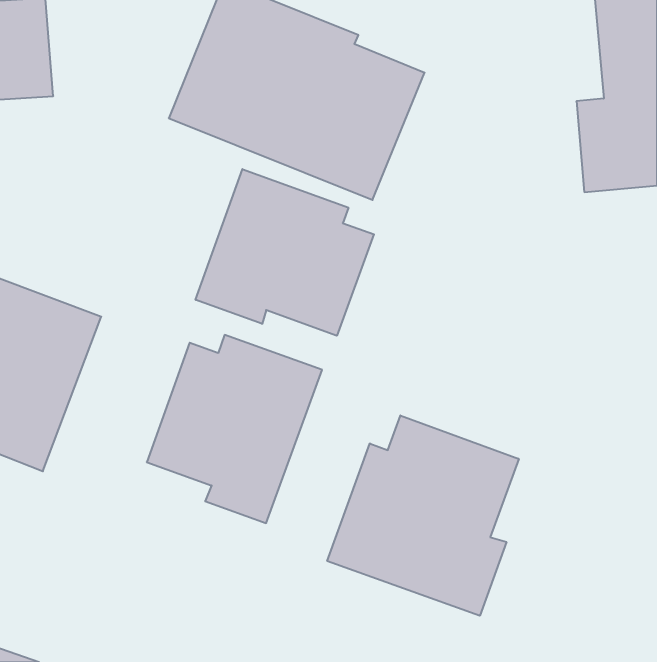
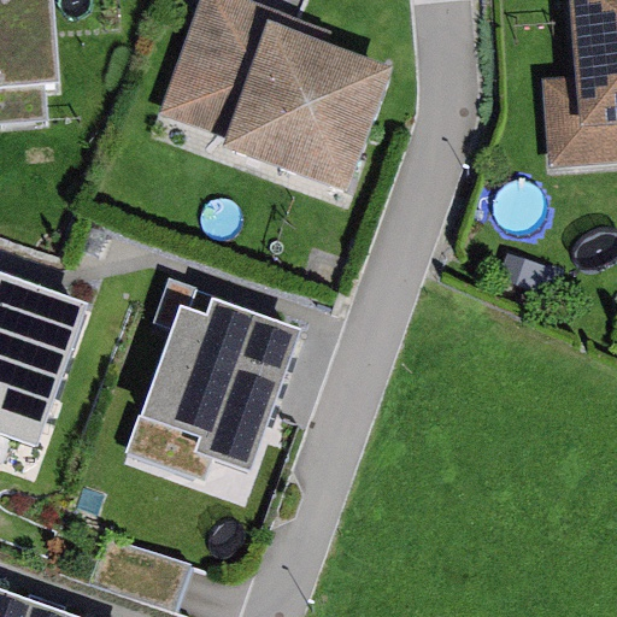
building: [196,169,374,336] -> none
building: [327,415,519,616] -> none

